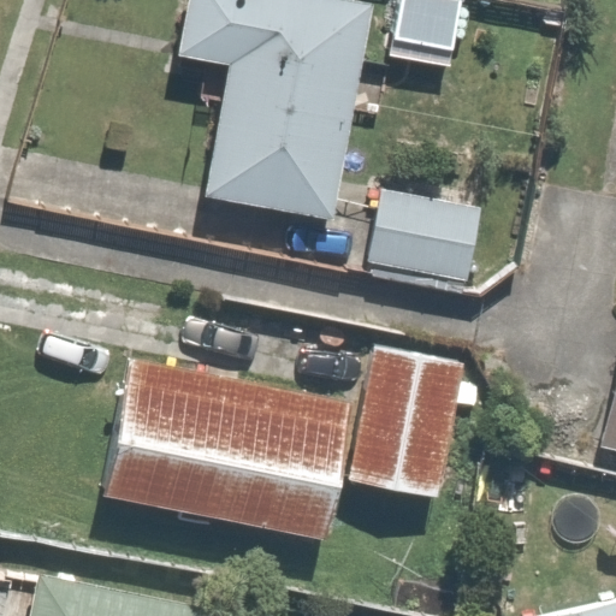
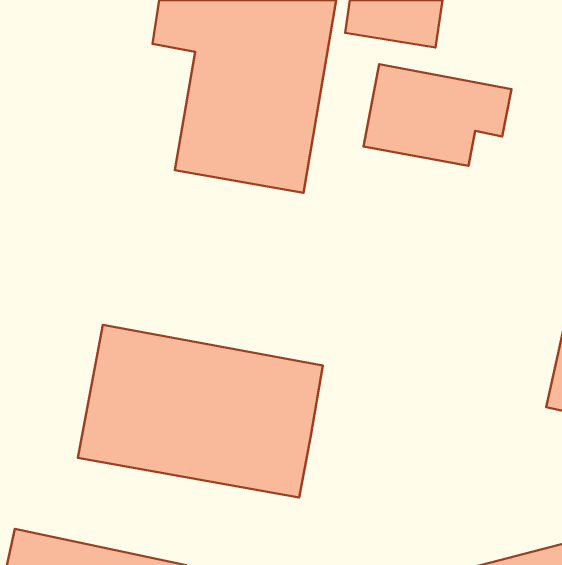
building: [363,184,521,292] -> [364,64,511,166]
building: [346,345,466,496] -> none

